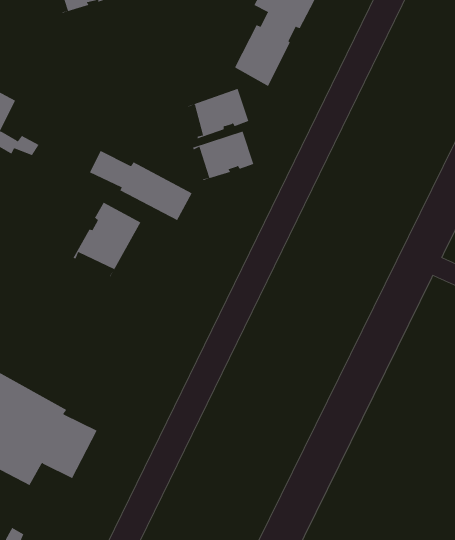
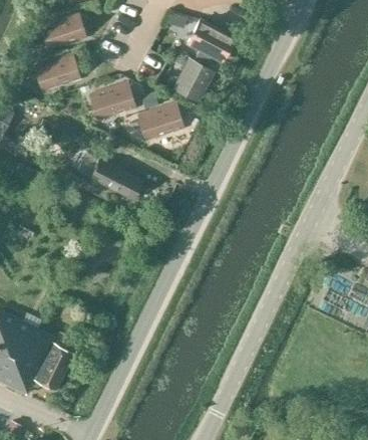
building: none -> [33,55,79,91]
building: [192,131,254,181] -> [89,83,134,120]
building: [73,202,141,277] -> none

